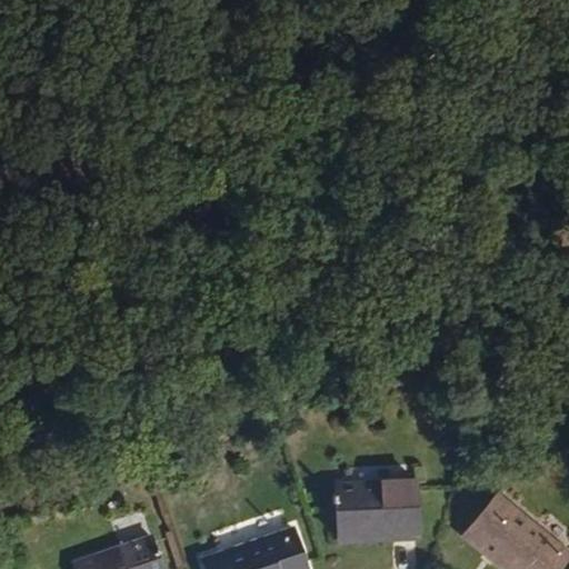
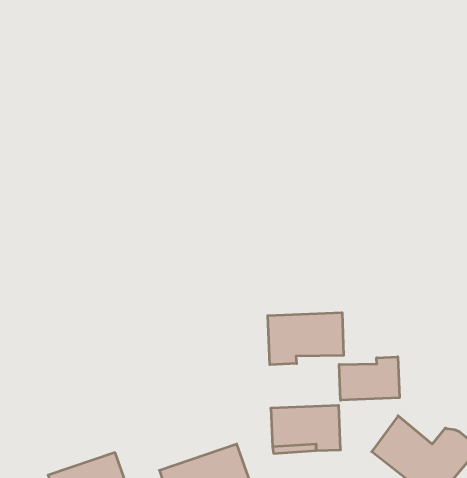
building: none -> [268,313,344,365]
building: none -> [339,357,399,400]

